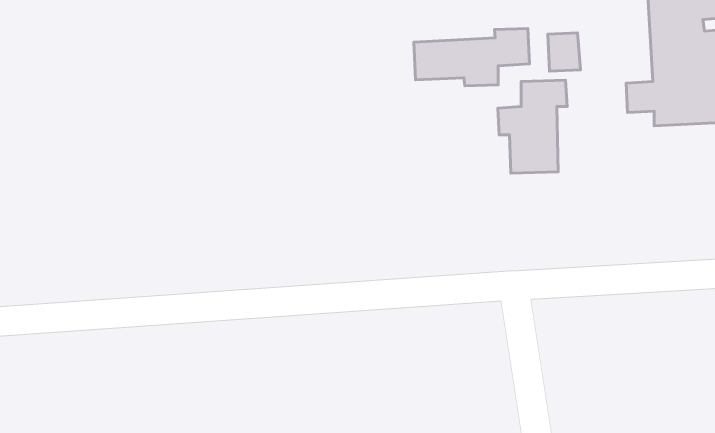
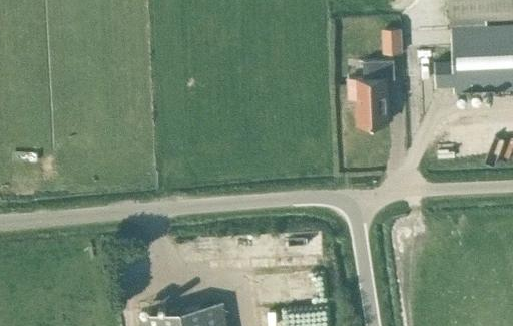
building: [414,29,530,86] -> none

